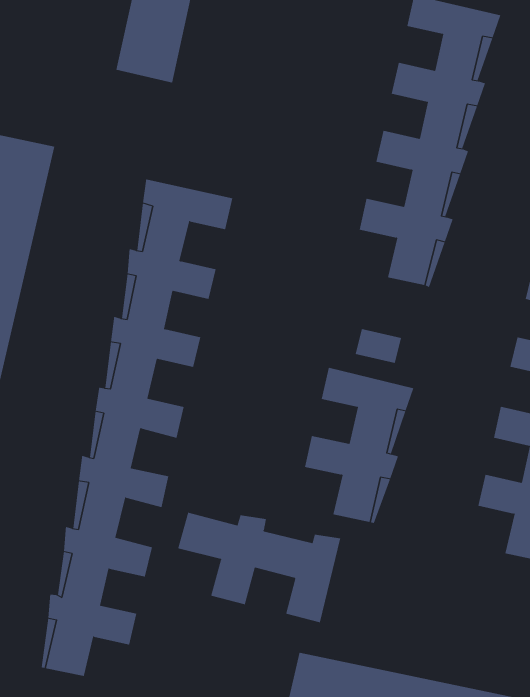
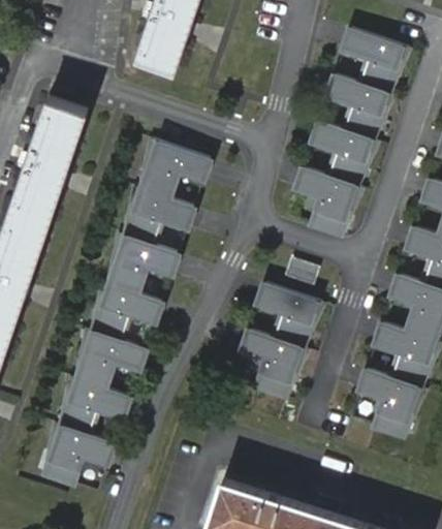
building: [178,512,341,623] -> none

